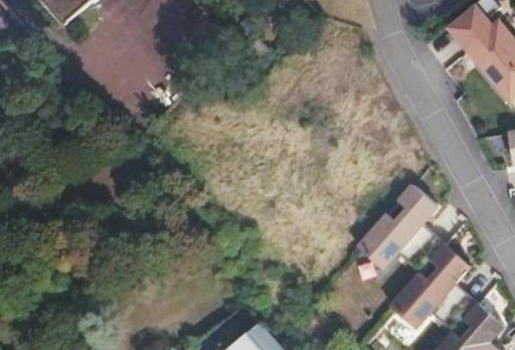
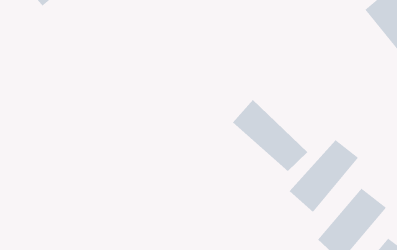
building: none -> [232,99,308,172]

